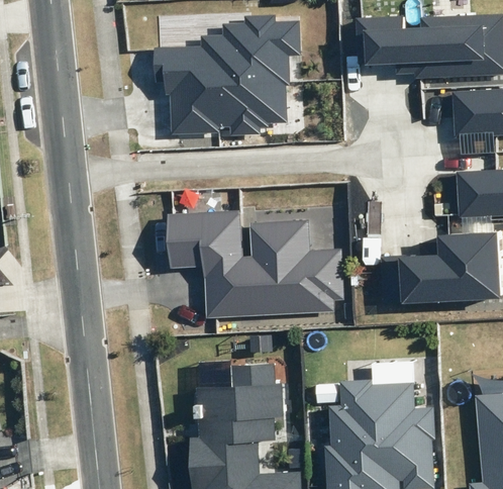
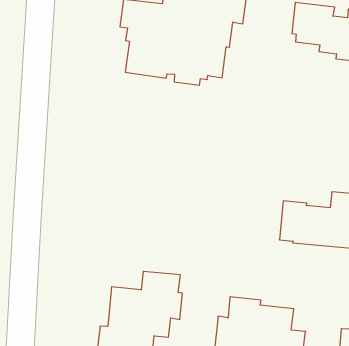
building: [169,211,344,318] -> none

